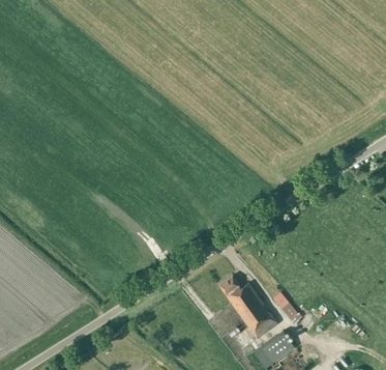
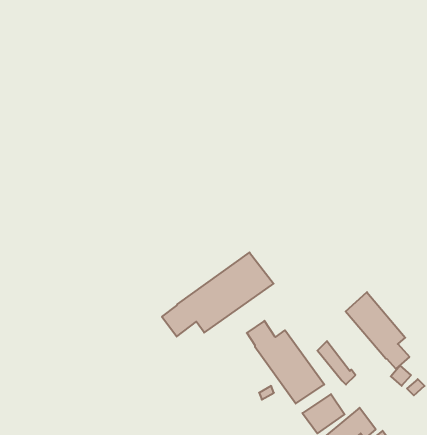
building: none -> [162,252,274,337]
building: none -> [346,292,409,369]

